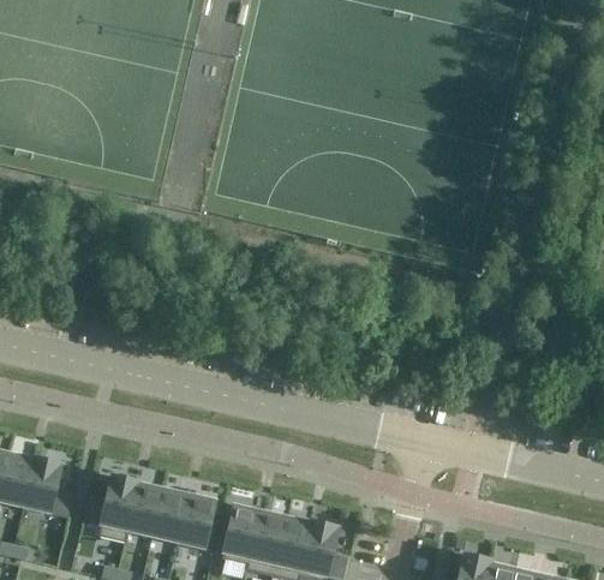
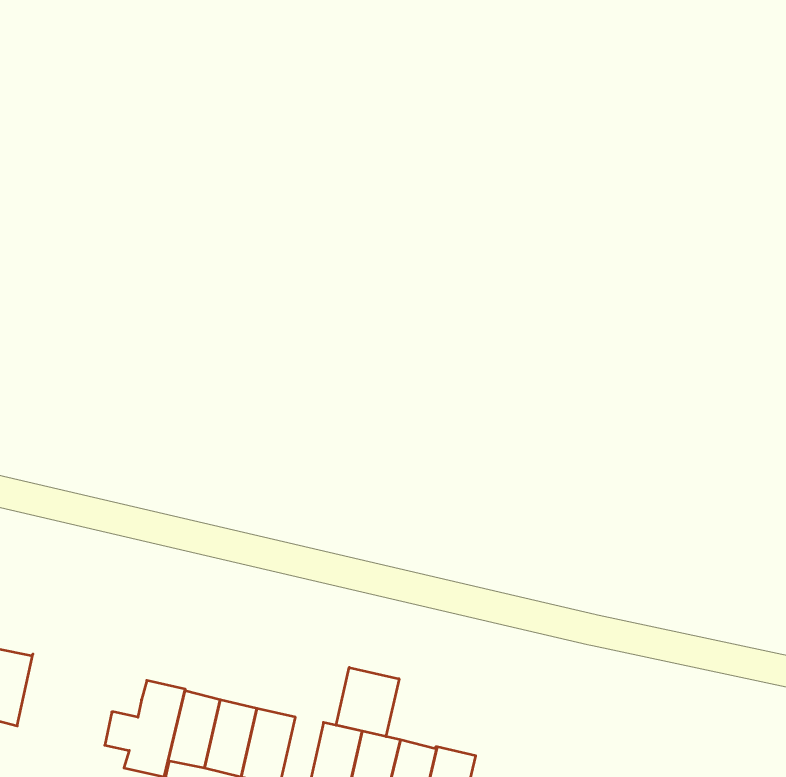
building: [24,459,73,518] -> none
building: none -> [336,667,399,737]

